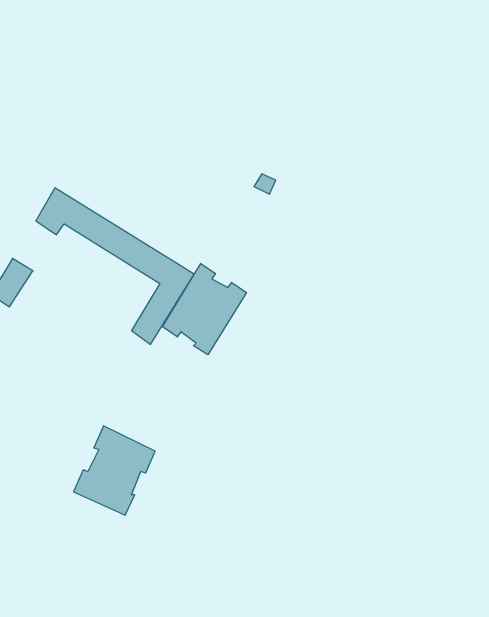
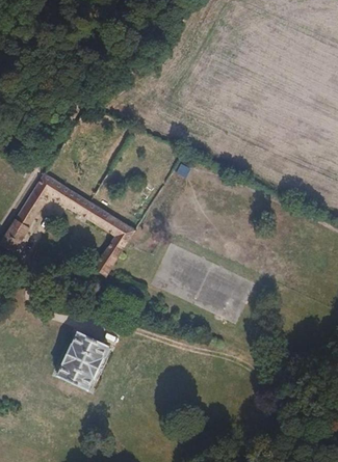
building: none -> [15,194,44,227]
building: [162,263,246,355] -> none

